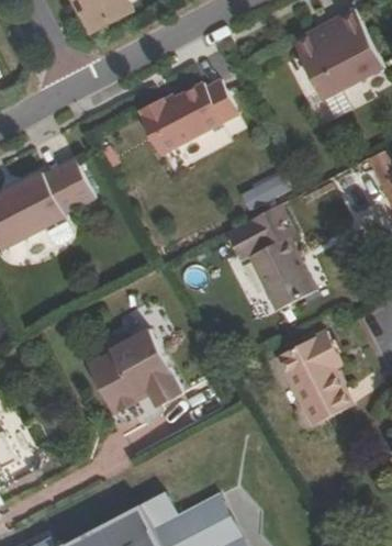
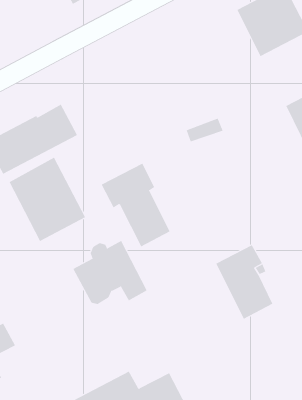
building: [143,76,243,153] -> none
building: [223,204,311,311] -> [101,163,171,247]
building: none -> [9,157,86,242]

